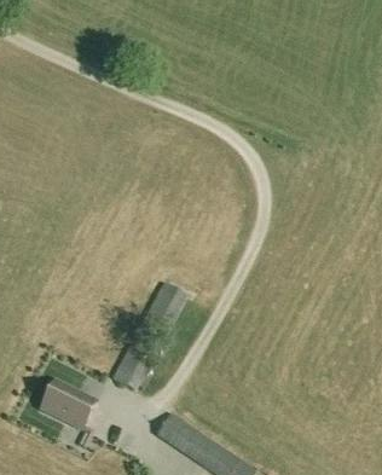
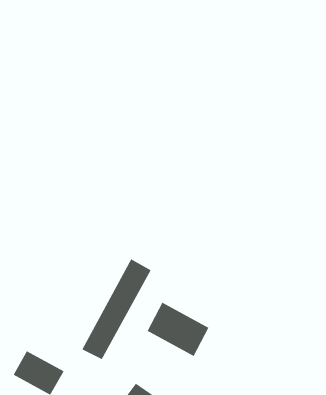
building: none -> [147,302,209,357]

